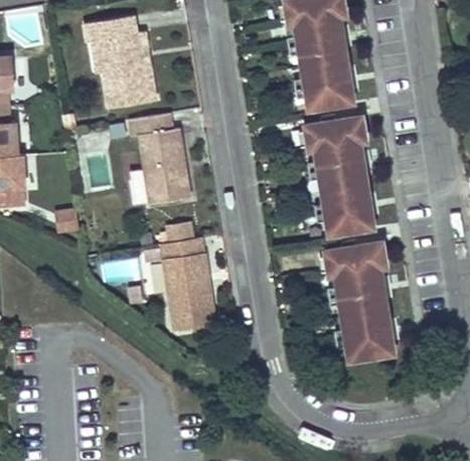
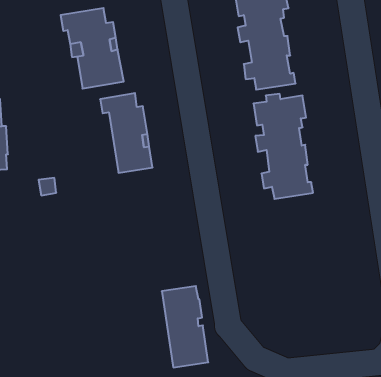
building: [162,238,215,331] -> [162,286,208,367]
building: [326,239,395,359] -> none

